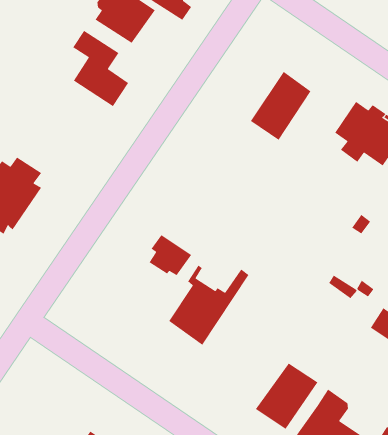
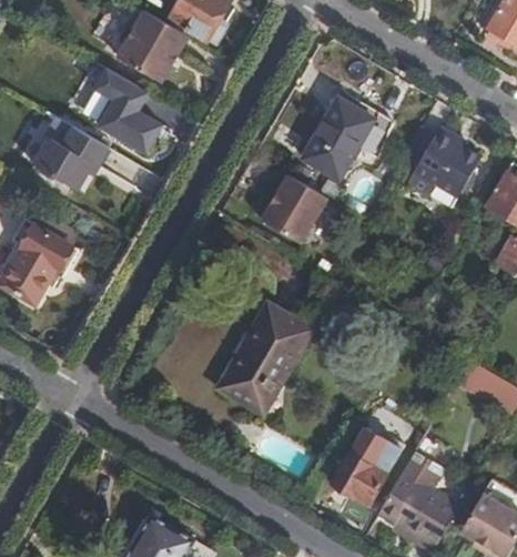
building: none -> [33,114,110,189]
building: none -> [261,174,325,243]
building: [148,234,192,276] -> [255,305,304,352]

